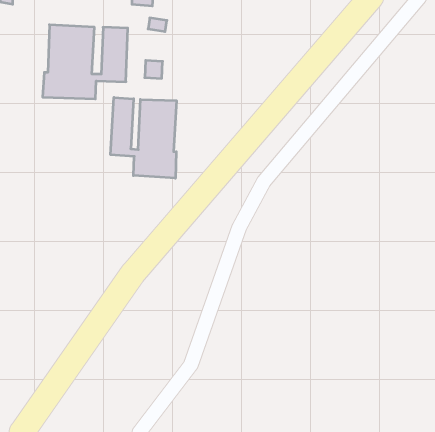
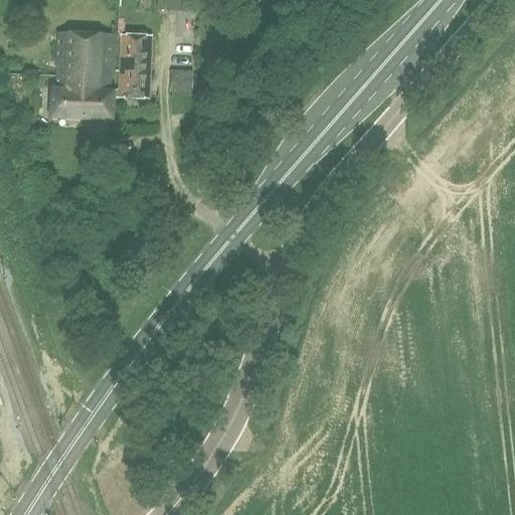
building: [111,97,176,178] -> none

